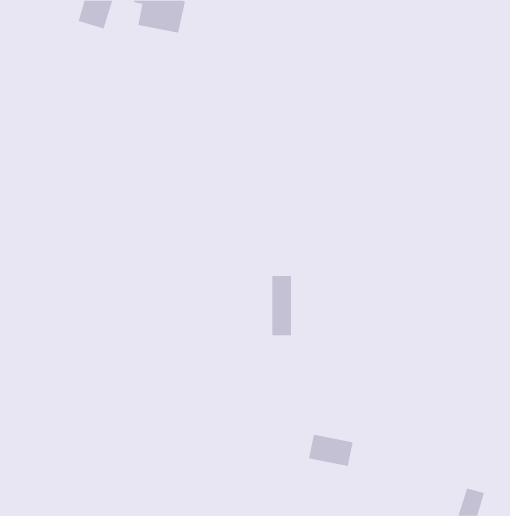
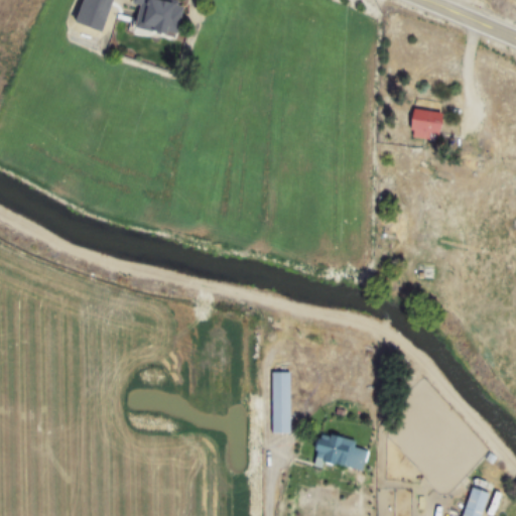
building: none -> [409,108,442,140]
building: [272,275,292,336] -> [271,372,291,432]

